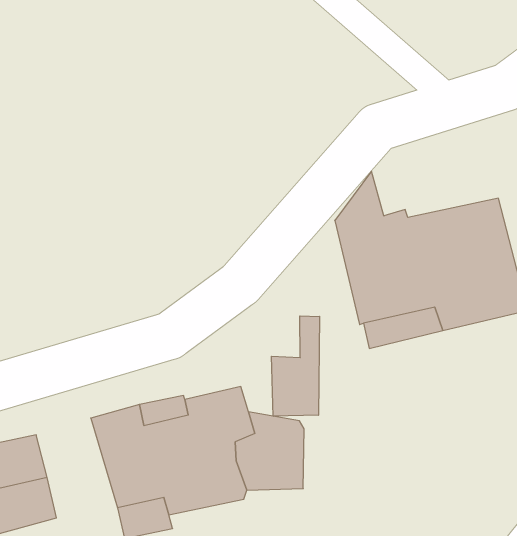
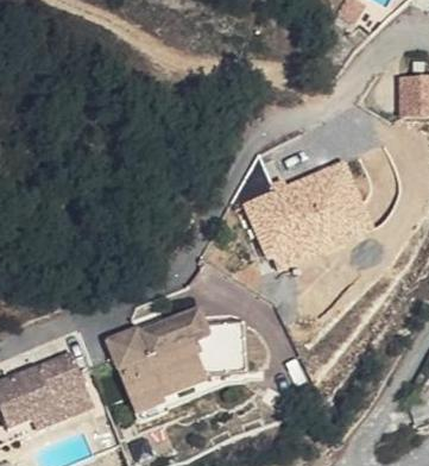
building: [272,316,320,416] -> none

